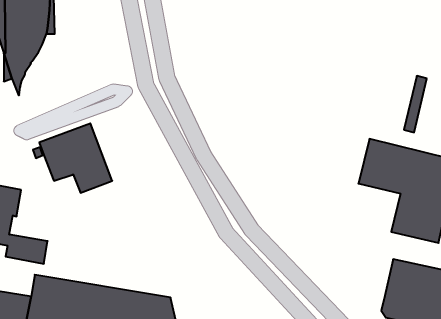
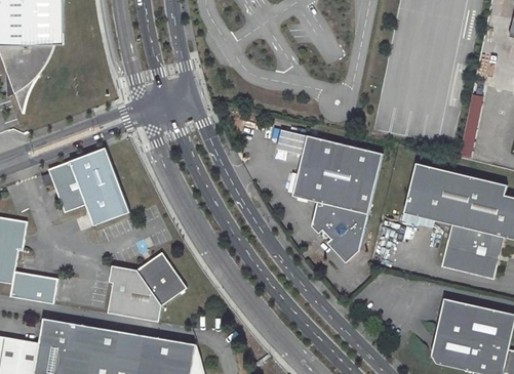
building: none -> [278,131,384,265]
building: none -> [105,252,184,323]

